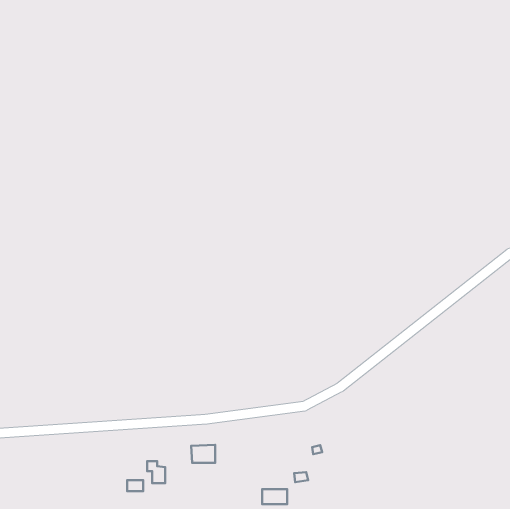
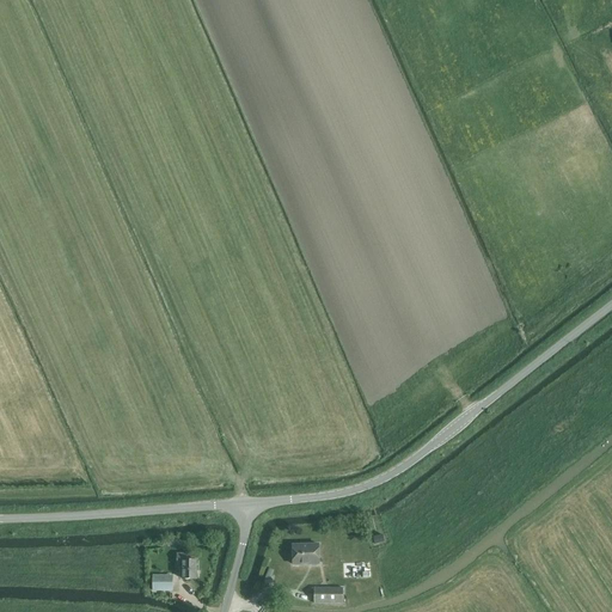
building: [191,445,215,463] -> [290,541,319,563]

